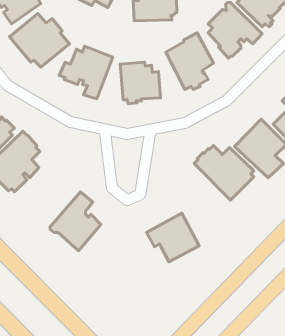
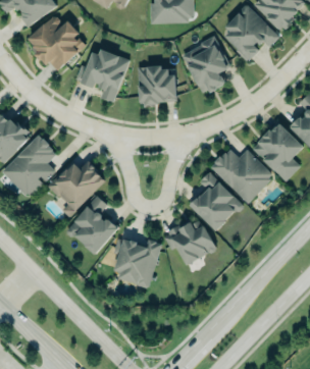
building: none -> [47,160,105,217]
building: none -> [190,172,243,230]
building: none -> [113,239,160,287]

